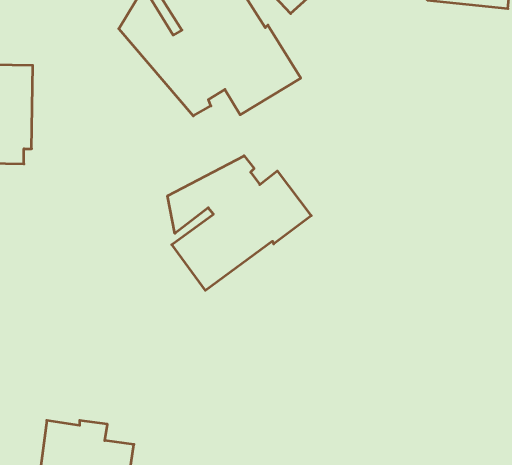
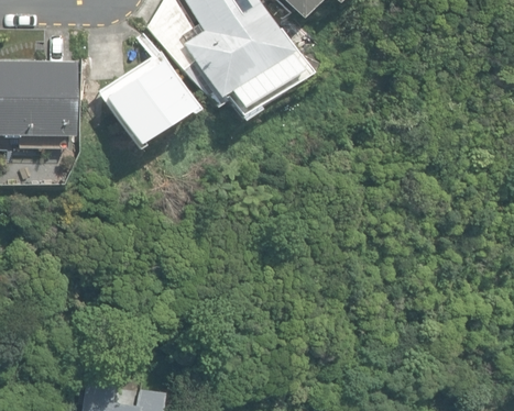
building: none -> [107,62,193,144]
building: [168,156,311,290] -> none

